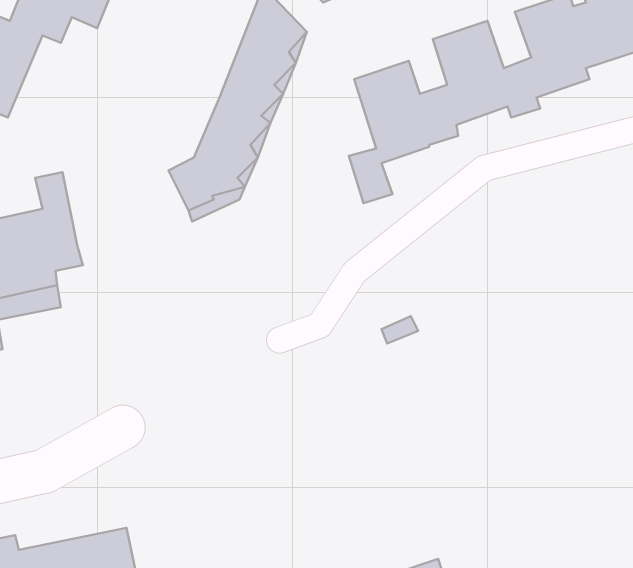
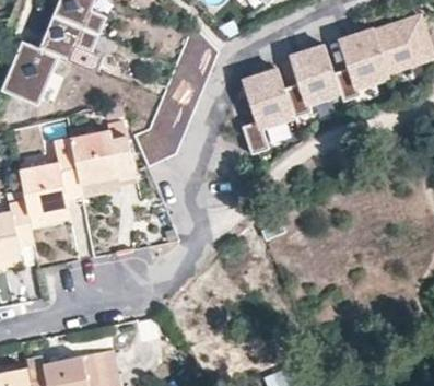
building: none -> [69,120,136,182]

